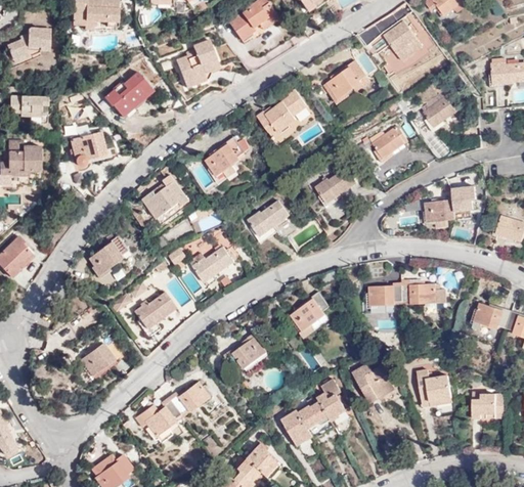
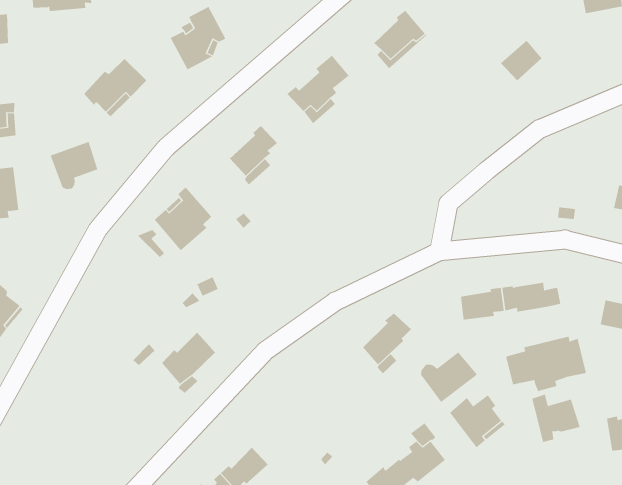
building: [373,128,405,159] -> none
building: [315,169,356,204] -> none
building: [426,196,464,221] -> none
building: [247,200,290,236] -> none
building: [90,233,131,274] -> none
building: [192,245,235,282] -> none
building: none -> [505,336,586,392]
building: none -> [420,351,478,403]
building: [81,336,120,374] -> none
building: [225,336,266,369] -> none

